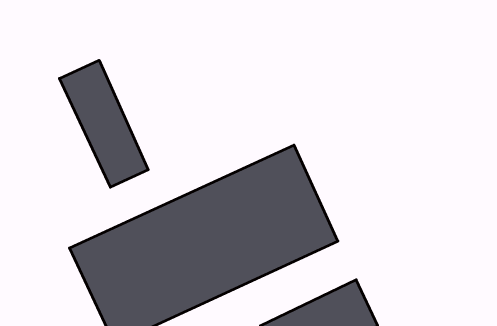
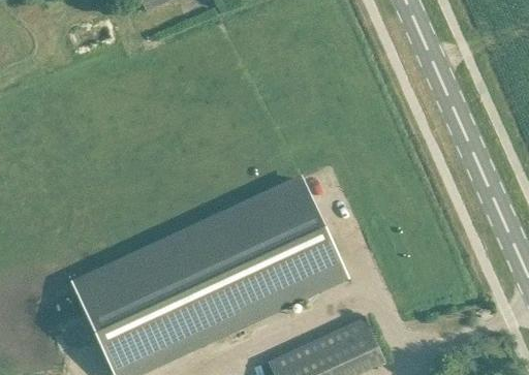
building: [59,60,148,187] -> none

